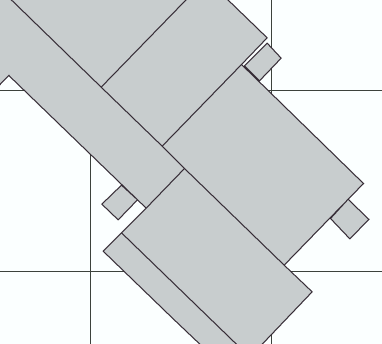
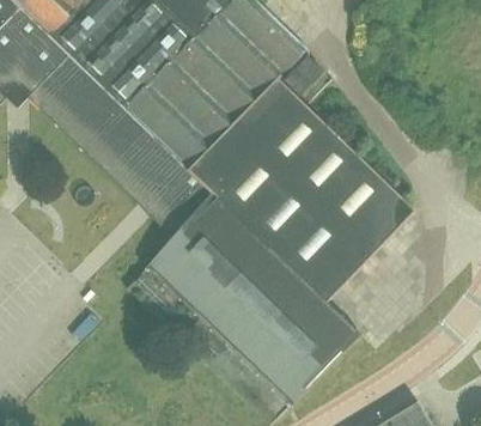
building: [102,185,137,220] -> none
building: [331,199,369,239] -> none

